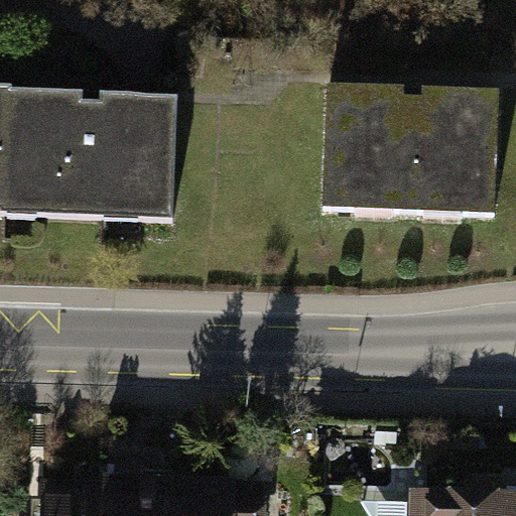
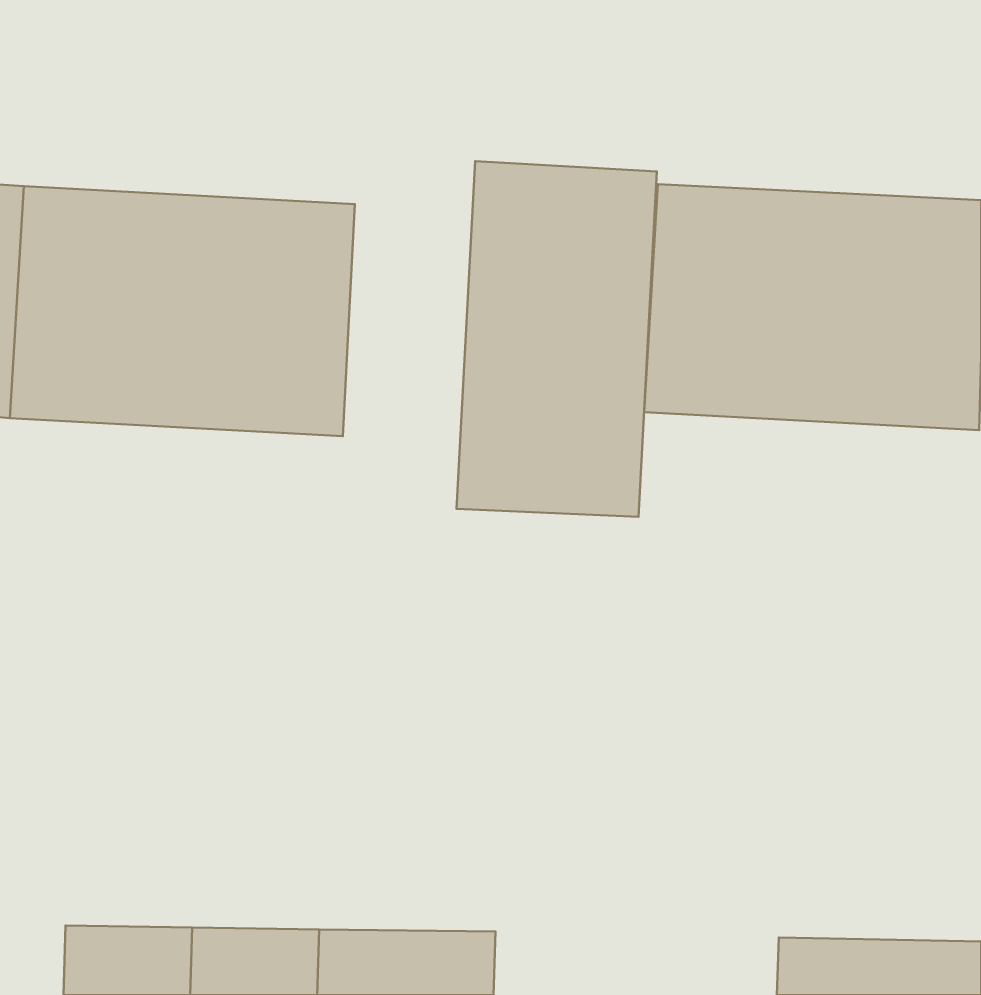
building: none -> [456,161,657,517]

